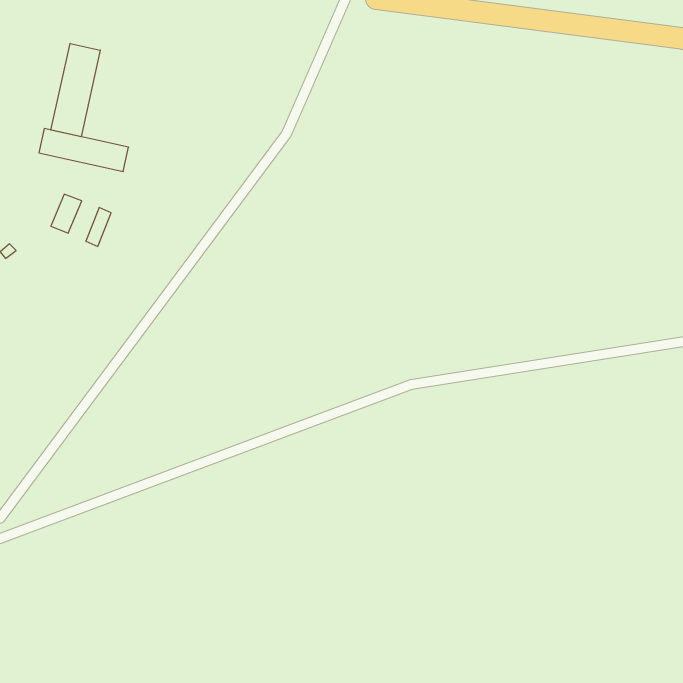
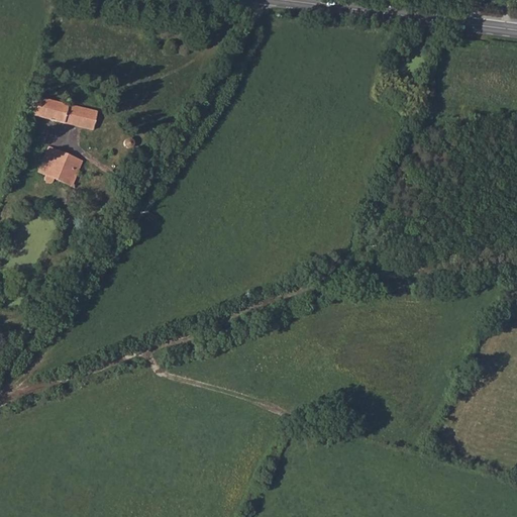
building: [51,43,100,137] -> none
building: none -> [53,151,76,182]

